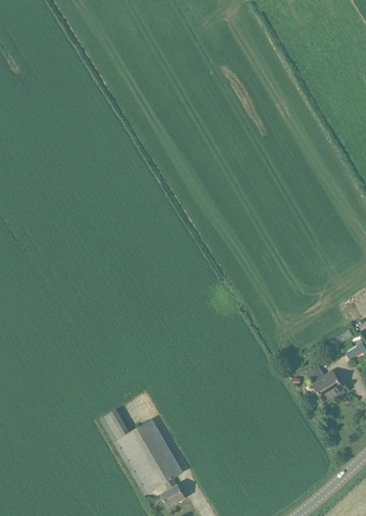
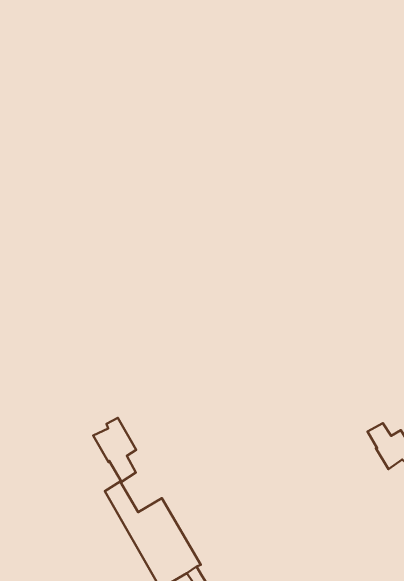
building: none -> [93,418,136,482]

